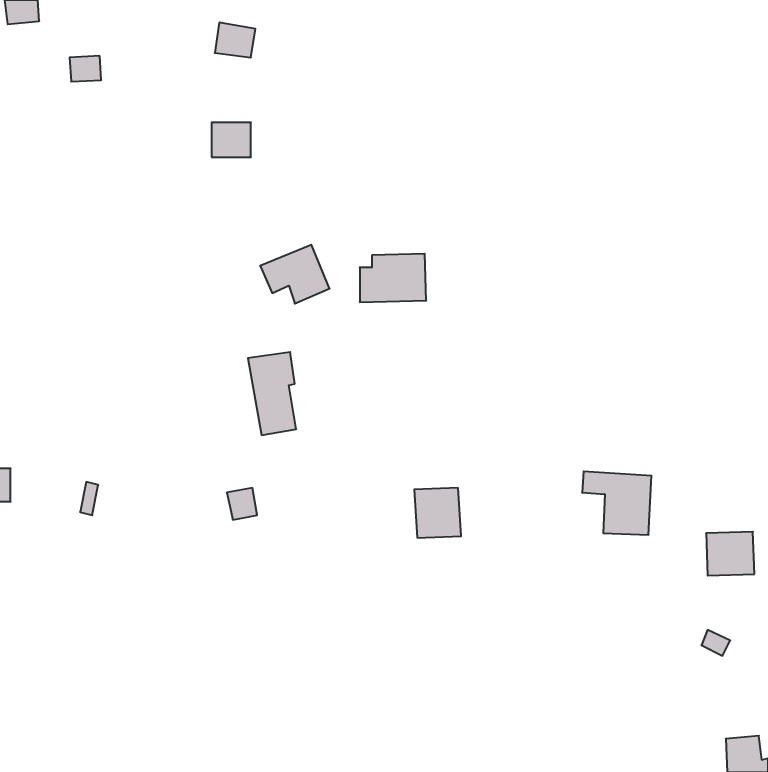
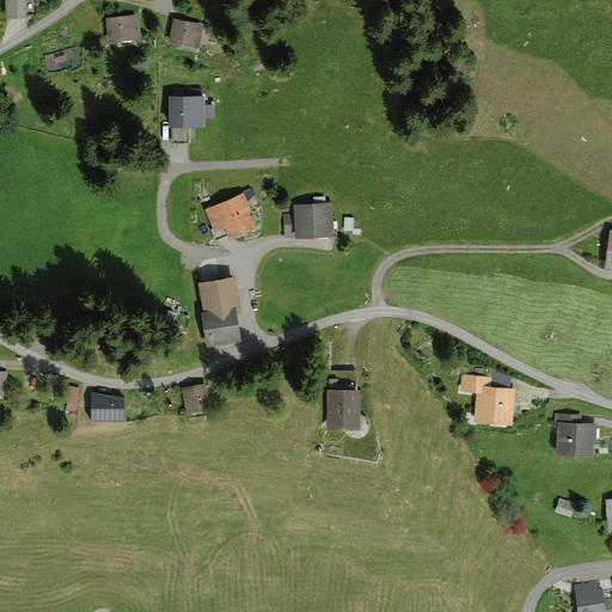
building: none -> [105,14,135,42]
building: none -> [88,394,120,420]

